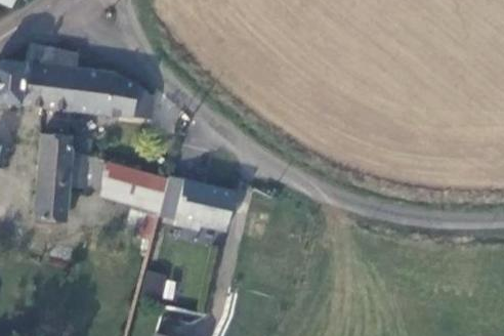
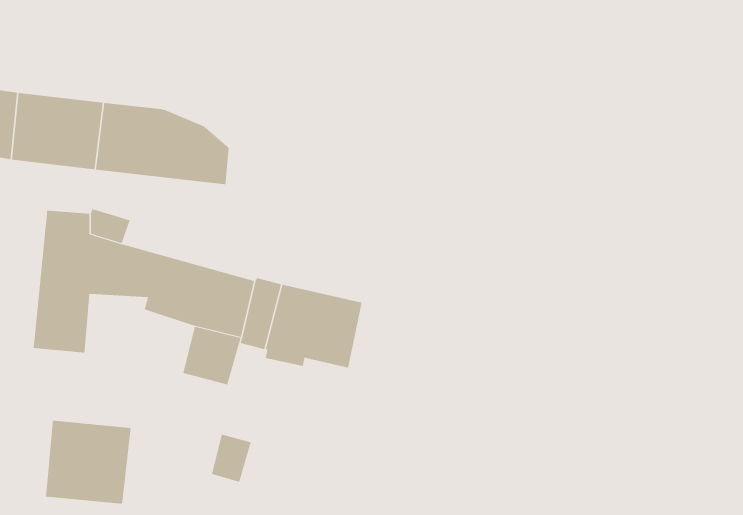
building: [24,43,77,70] -> none
building: none -> [45,420,131,504]

